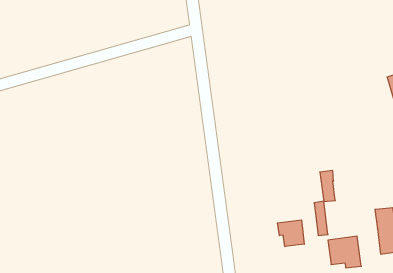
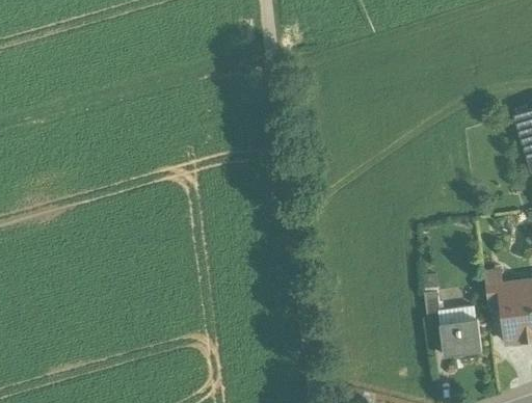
building: [320,171,335,201] -> [483,267,503,306]
building: [277,220,304,247] -> none

